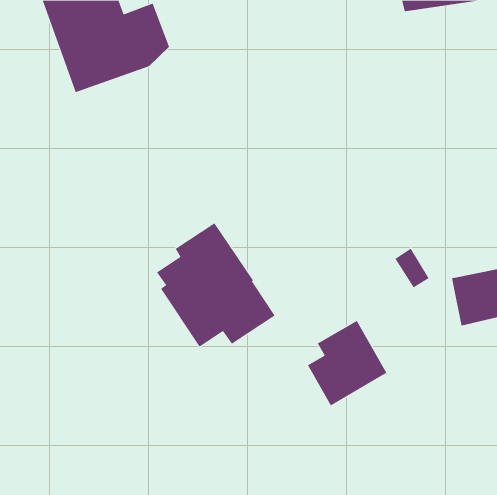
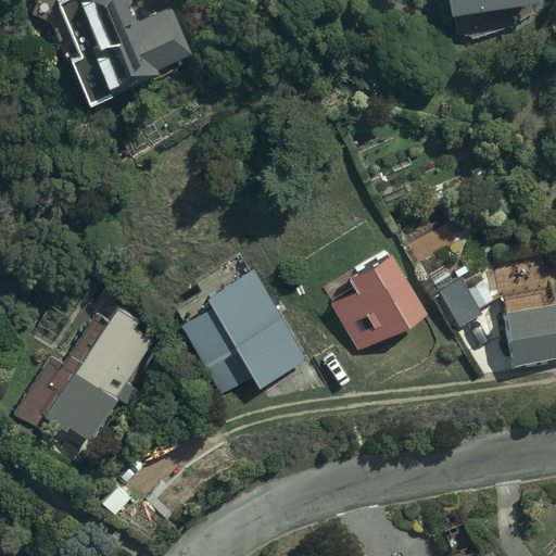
building: none -> [18,309,154,441]
building: [307,320,387,406] -> [333,253,422,349]

